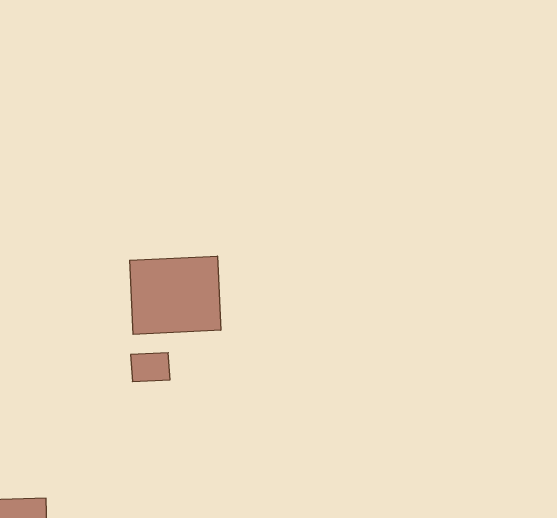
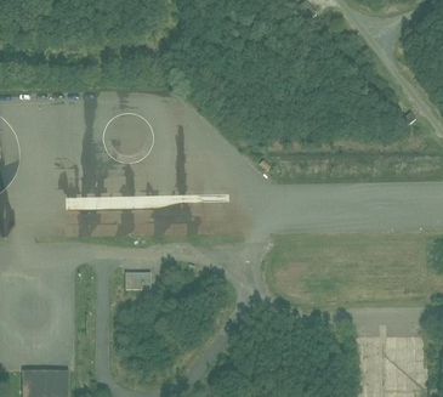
building: [130,256,221,334] -> none

